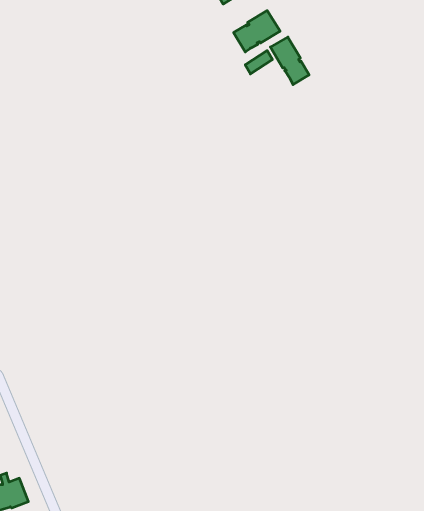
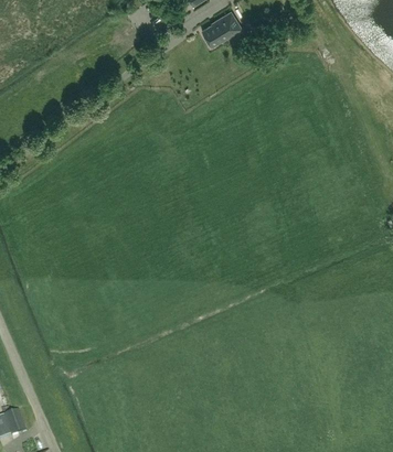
building: [270,37,309,85] -> none

